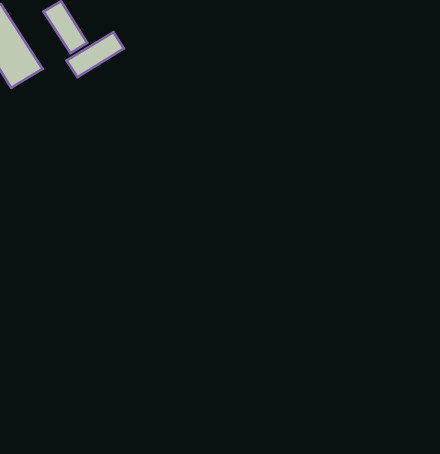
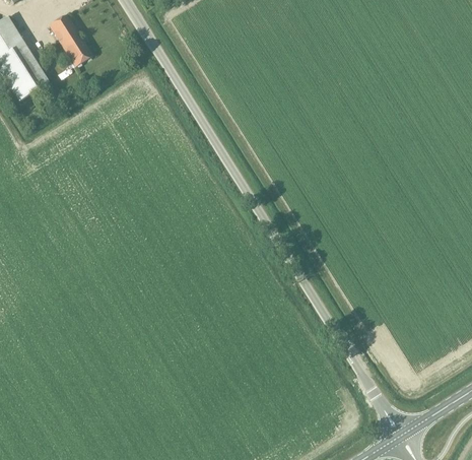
building: [66,32,124,77] -> none

